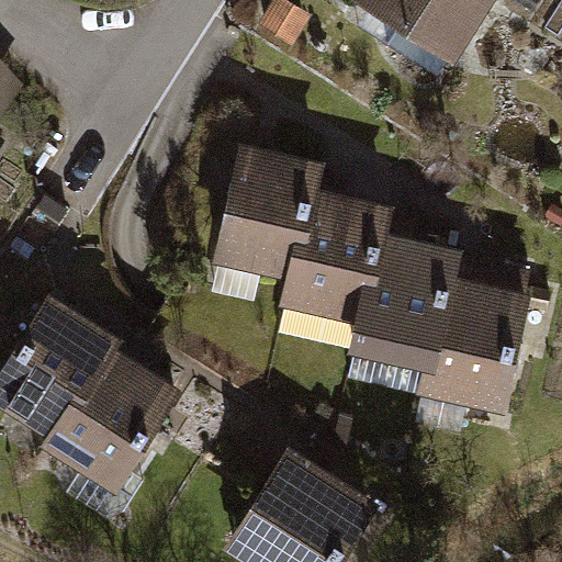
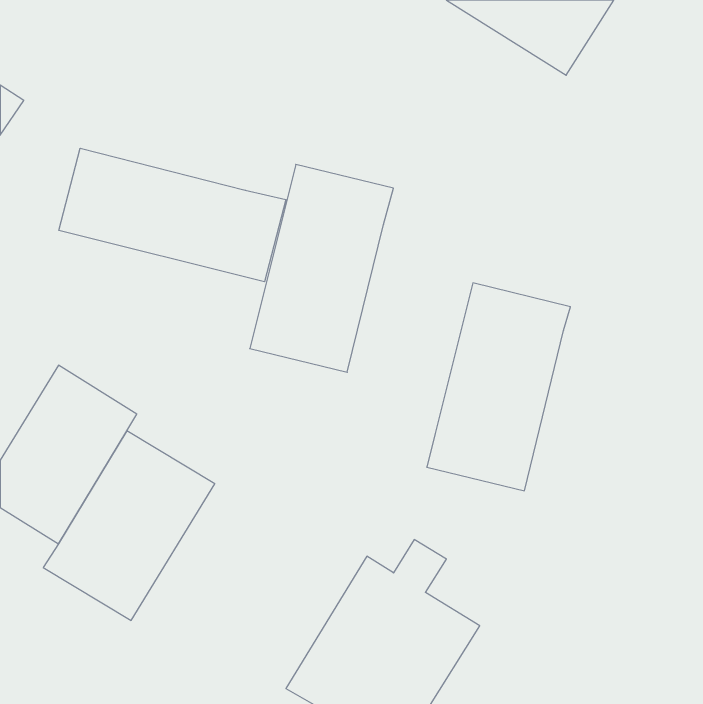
building: none -> [59,148,286,282]
building: [274,183,386,348] -> none
building: [416,267,528,431] -> none

